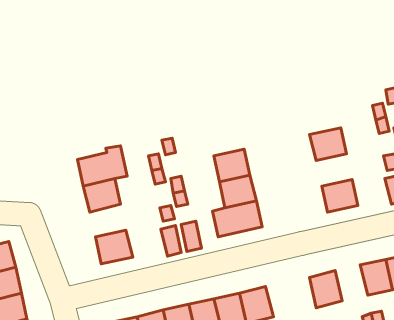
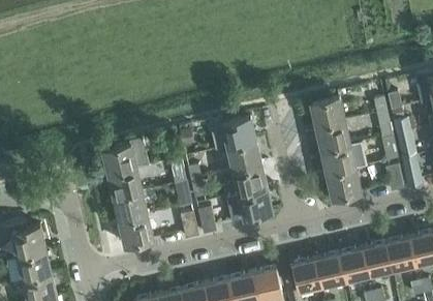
building: none -> [310,96,344,127]
building: none -> [209,117,255,150]
building: none -> [321,145,354,175]
building: none -> [114,191,147,221]
building: none -> [339,247,369,280]
building: none -> [291,259,321,292]

